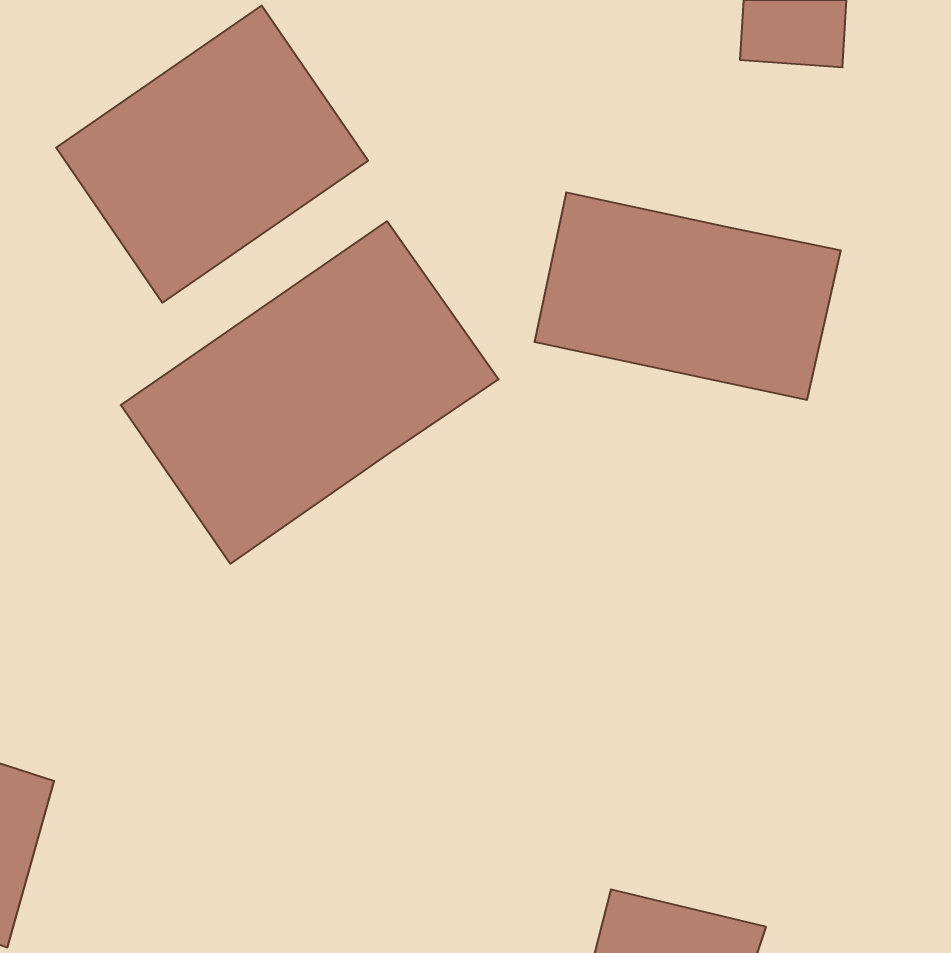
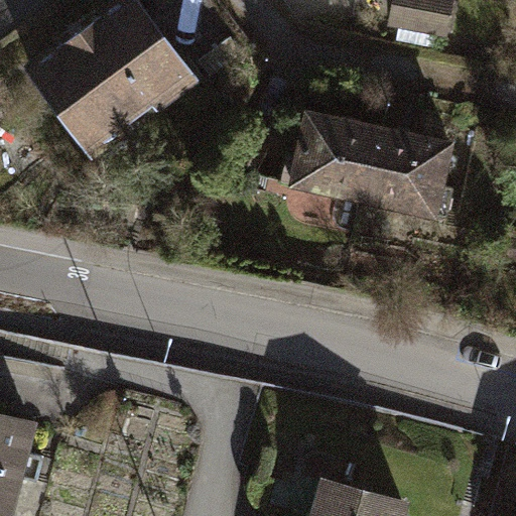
building: [121,221,499,564] -> none

